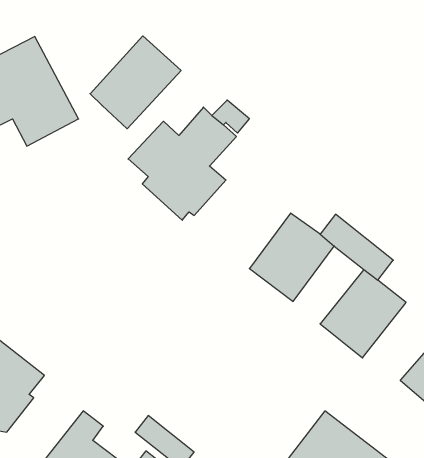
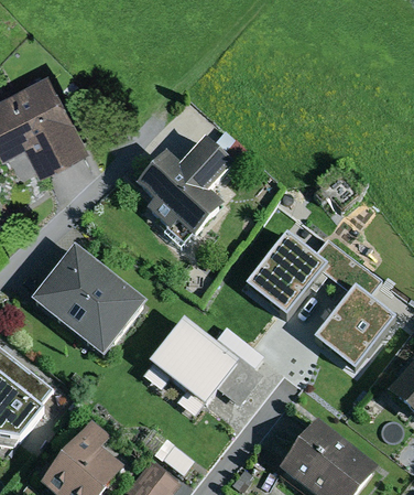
building: [90,36,181,129] -> none
building: none -> [29,244,148,357]
building: none -> [146,316,262,407]

